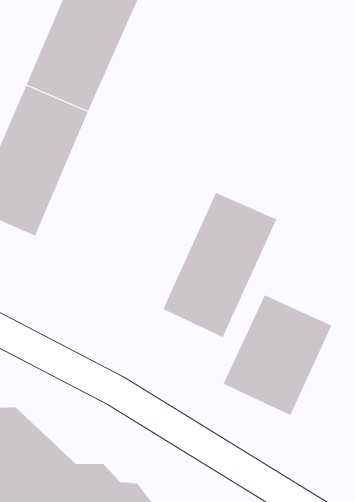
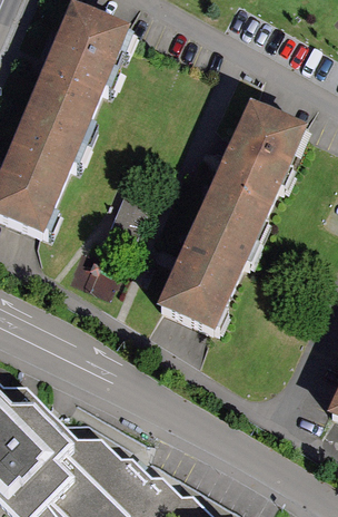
building: none -> [201,91,306,225]
building: [223,295,332,416] -> none

